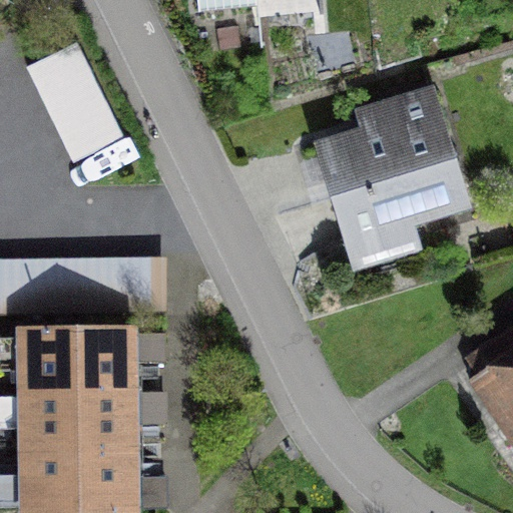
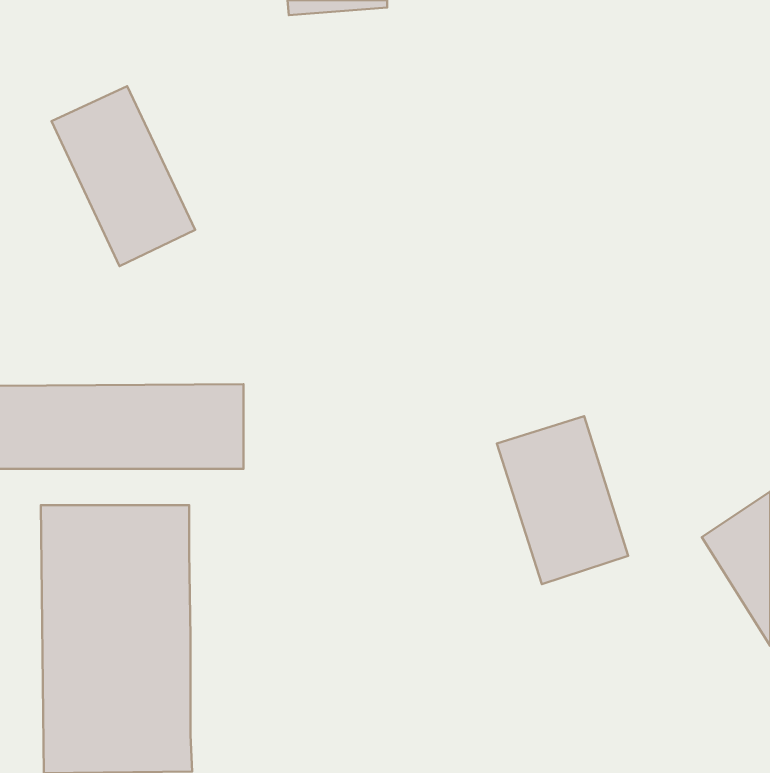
building: [308,88,472,262] -> none
building: none -> [497,416,628,584]

